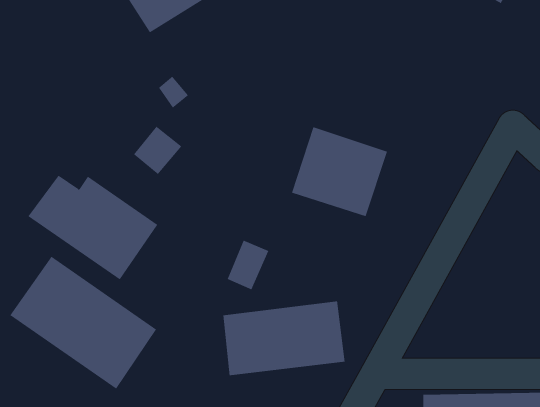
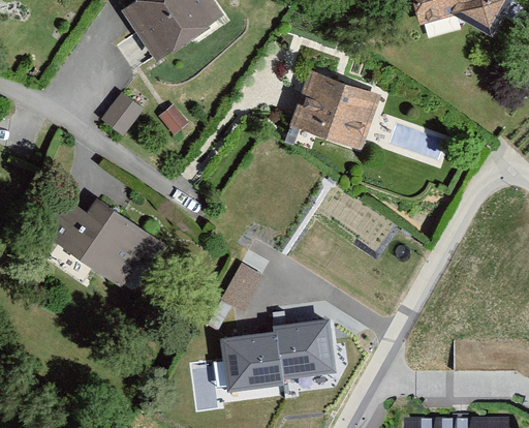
building: [133,126,182,175] -> [101,93,148,140]
building: [291,126,388,217] -> [287,70,379,156]
building: [10,256,157,390] -> none

